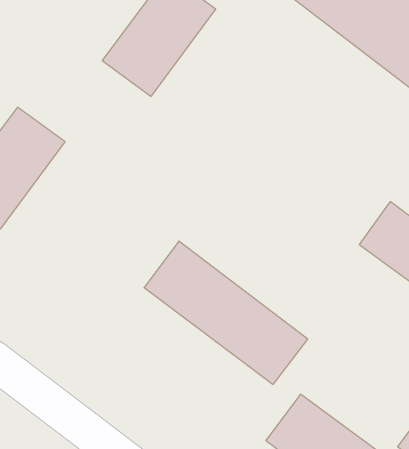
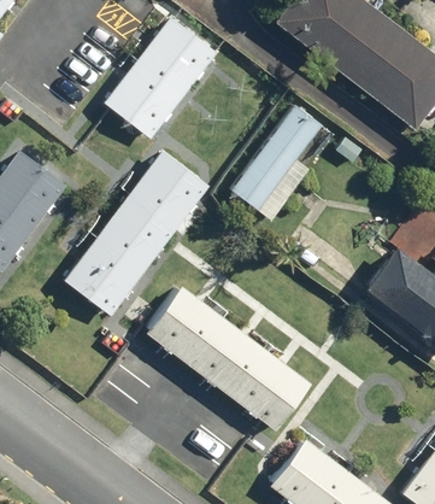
building: none -> [230,104,323,221]
building: none -> [61,150,207,316]

